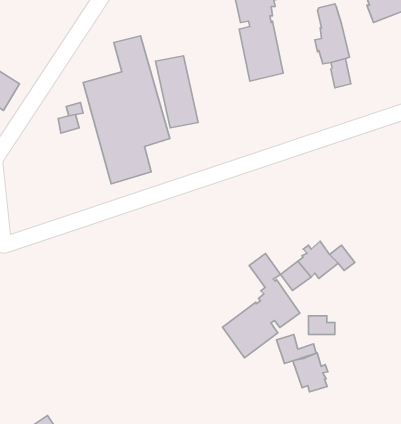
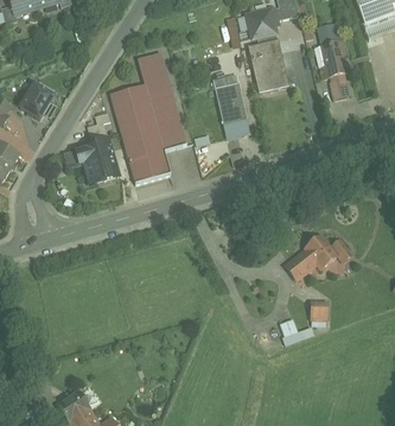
building: [155,56,198,128] -> [211,72,249,136]
building: none -> [64,144,117,182]
building: [223,254,300,358] -> none
building: [293,353,328,392] -> none

